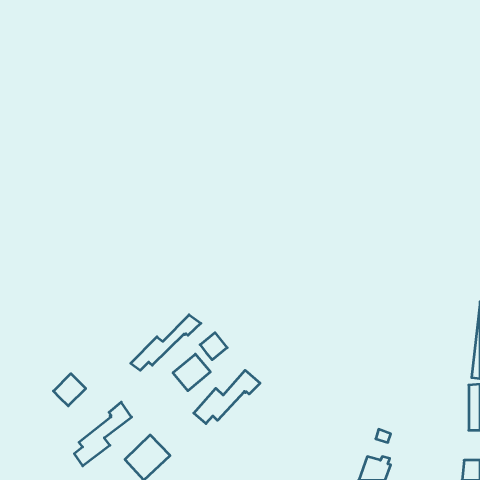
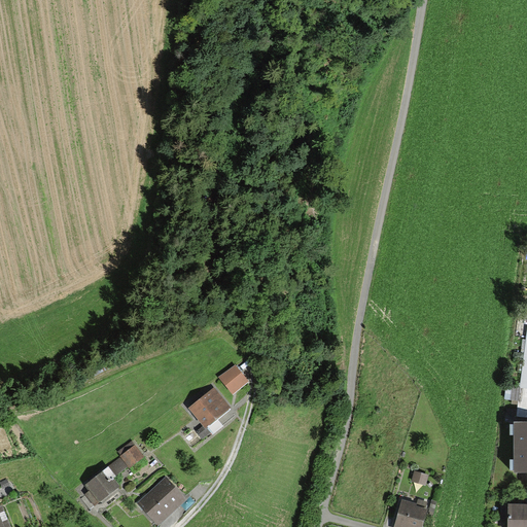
building: [131,315,201,370] -> none
building: [194,370,260,424] -> none
building: [53,374,86,406] -> none

